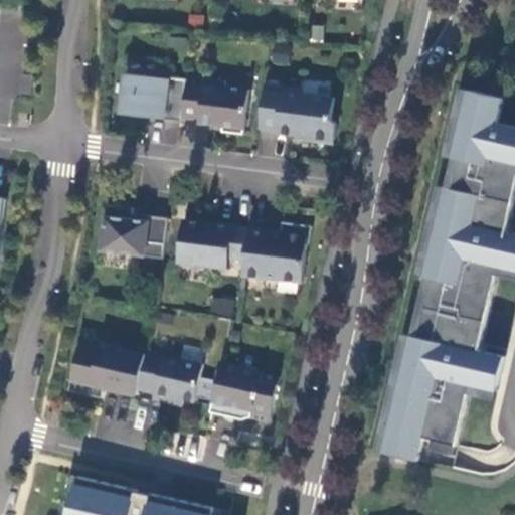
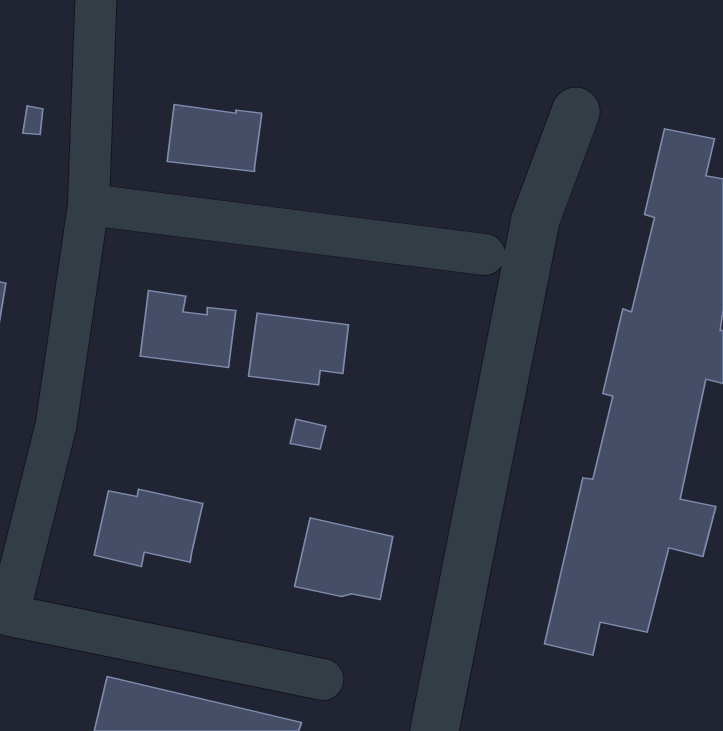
building: [179,79,246,135] -> none
building: [256,84,334,143] -> none
building: [239,222,309,283] -> none
building: [135,351,201,405] -> none

